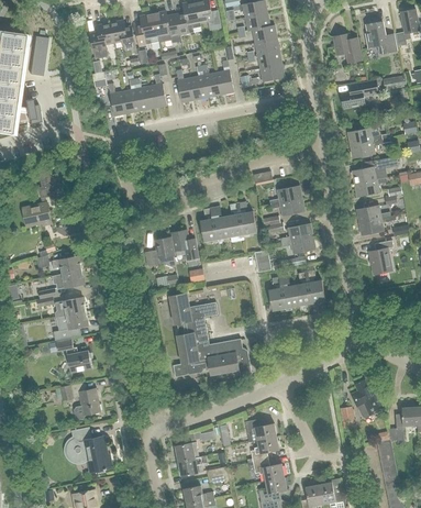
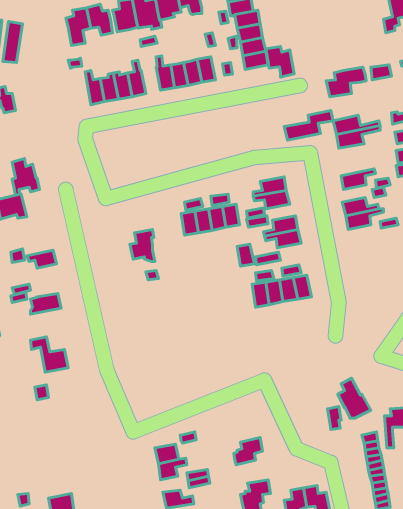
building: [365,21,396,54] -> none
building: [333,33,361,63] -> [266,46,294,77]
building: [351,155,398,184] -> [284,111,333,140]
building: [171,229,198,258] -> none
building: [368,240,394,274] -> none
building: [52,268,84,289] -> none
building: [169,292,252,377] -> none
building: [53,311,87,340] -> none
building: [75,387,100,418] -> none
building: [244,418,276,441] -> none
building: [63,427,112,471] -> none
building: [253,457,284,479] -> none

